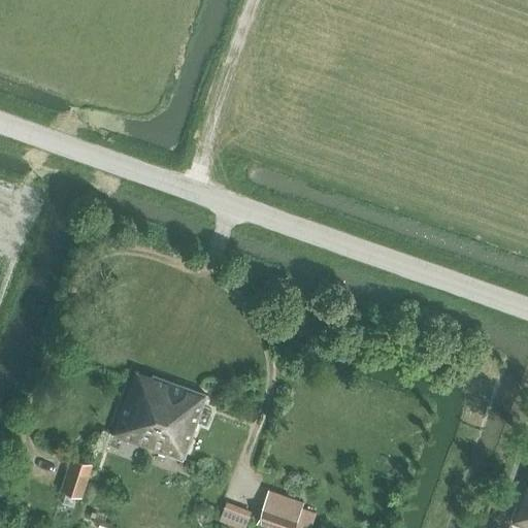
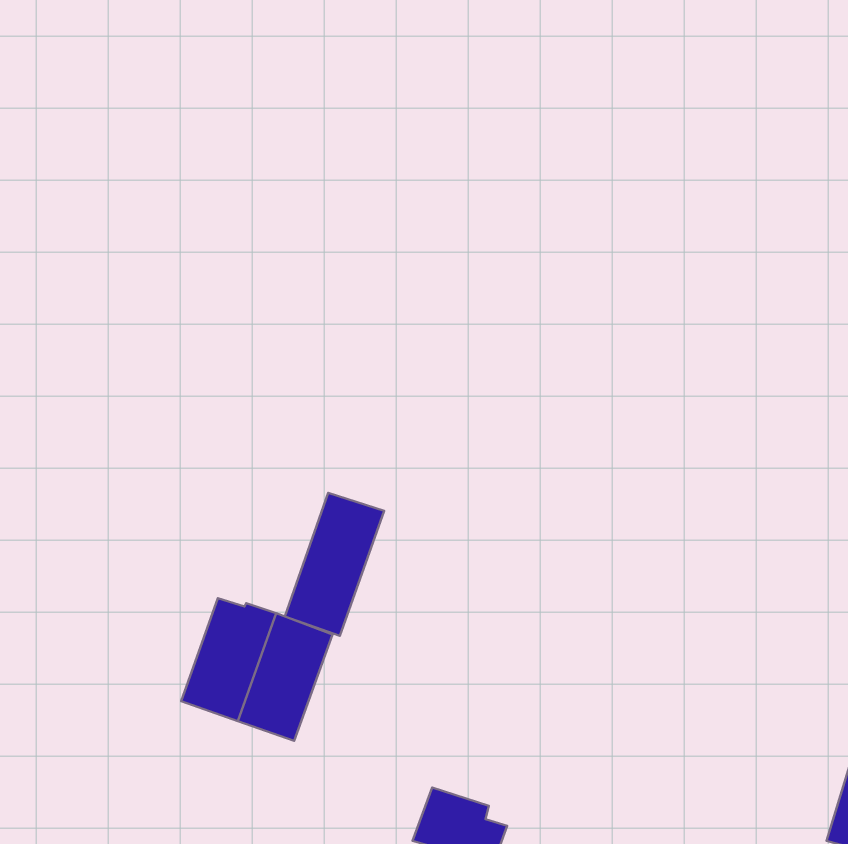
building: none -> [285,493,384,636]
building: [63,461,93,500] -> none

